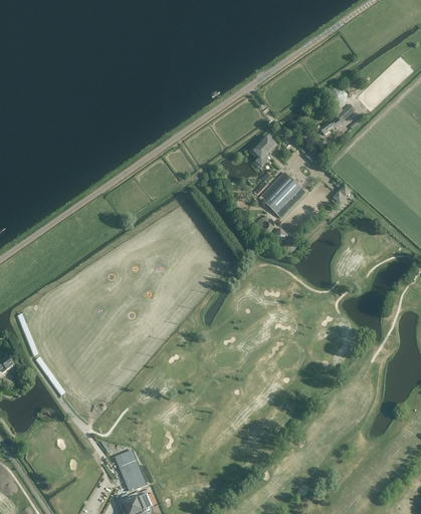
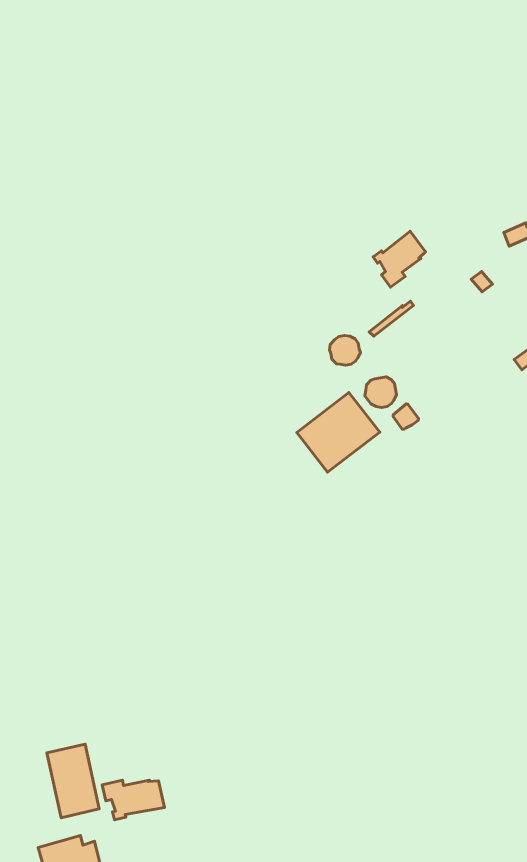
building: [259,174,304,219] -> [297,393,380,472]
building: none -> [102,780,164,820]

